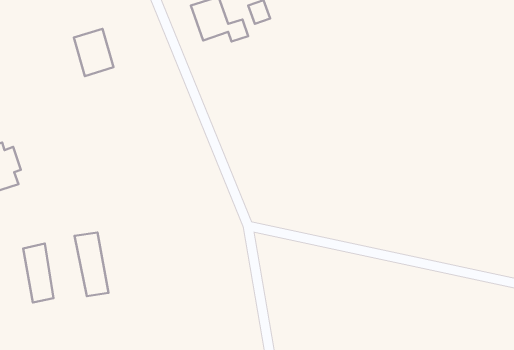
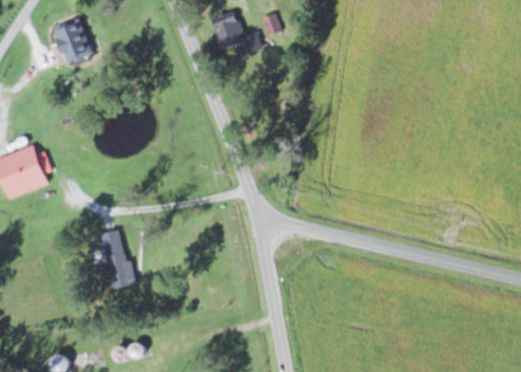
building: [74,29,113,76] -> [54,19,91,63]
building: [23,244,54,302] -> none

